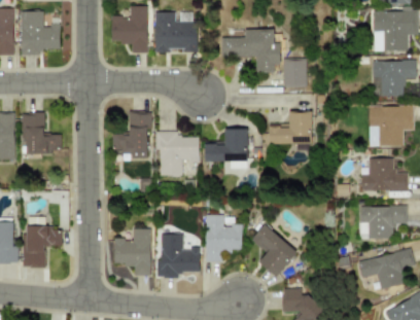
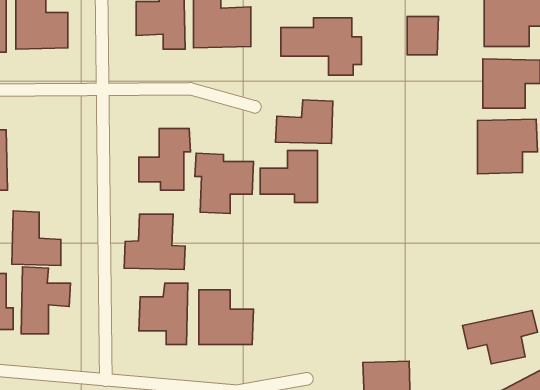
building: [283,59,307,87] -> [407,16,439,55]
building: [269,111,312,144] -> [276,100,333,144]
building: [24,112,61,153] -> [12,211,61,266]
building: [361,157,407,190] -> none
building: none -> [124,214,185,270]
building: [359,206,407,239] -> none
building: [205,214,242,260] -> none
building: [251,223,297,277] -> none

